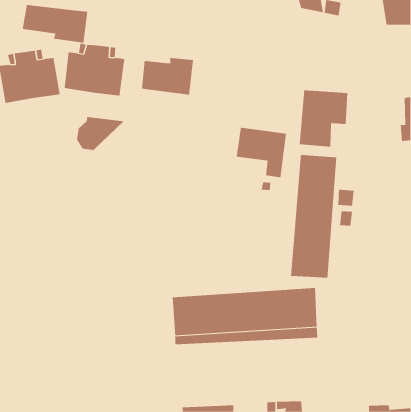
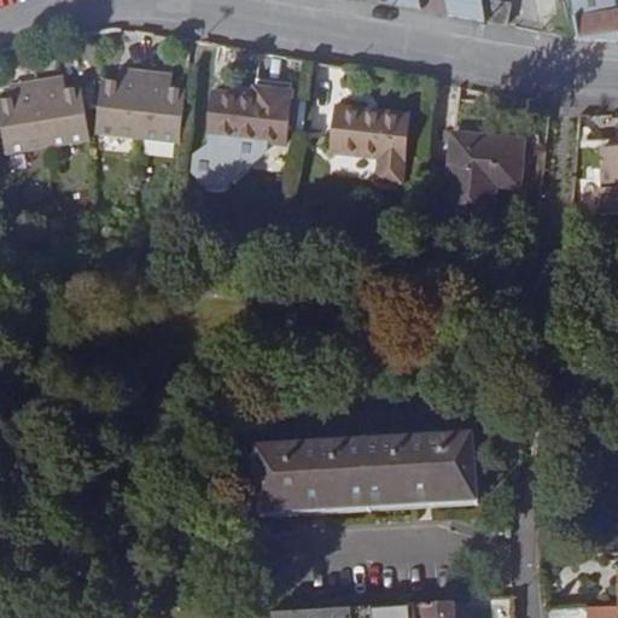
building: [22,4,88,43] -> none
building: [76,116,125,150] -> [196,133,268,183]
building: [236,127,287,178] -> [332,107,408,183]
building: [291,154,337,279] -> none

